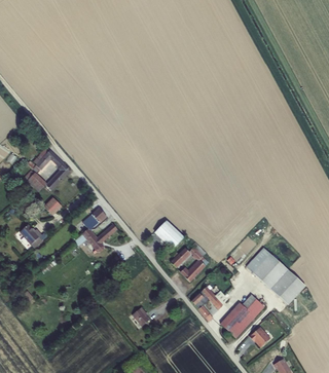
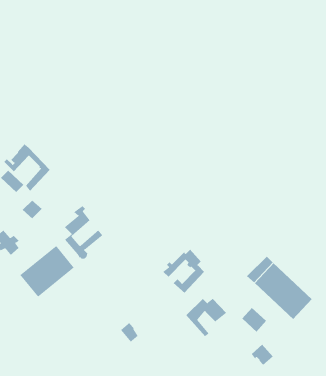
building: [155,221,184,249] -> none
building: none -> [20,245,75,298]
building: [220,302,255,337] -> none

